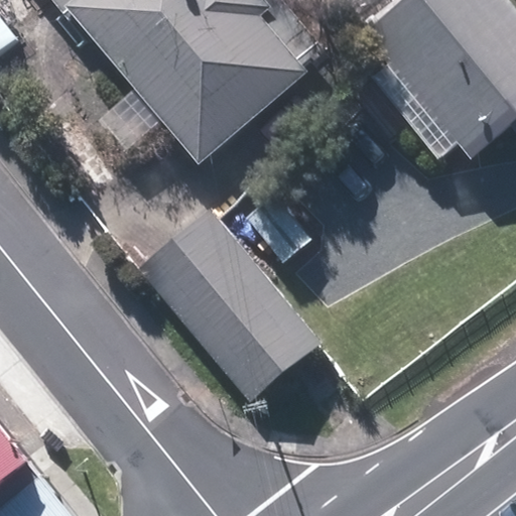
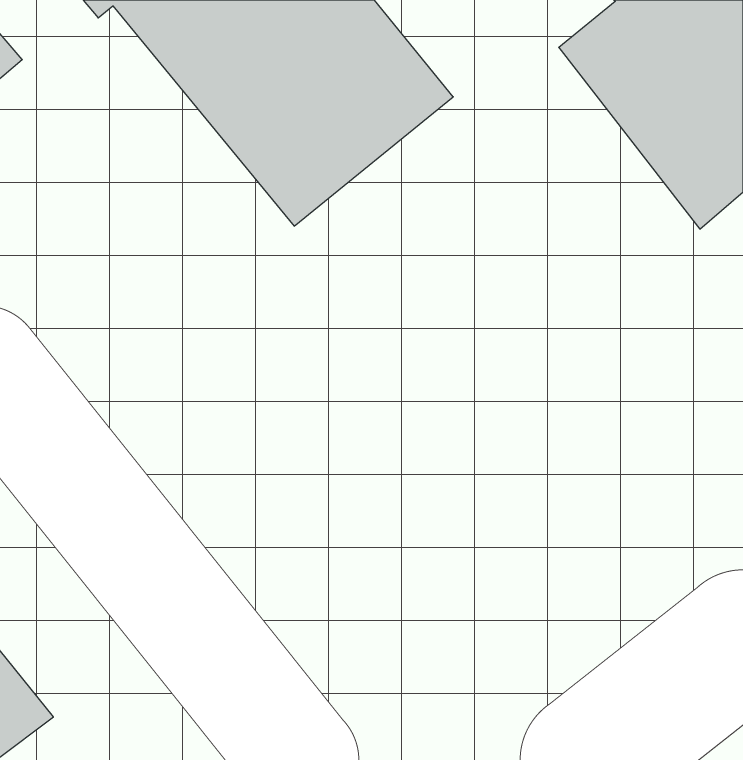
building: [138,213,321,405] -> none

